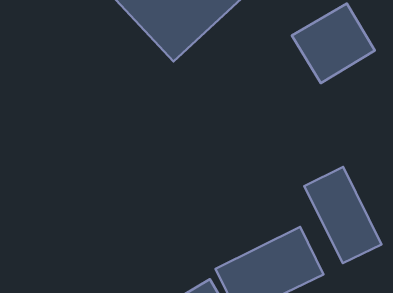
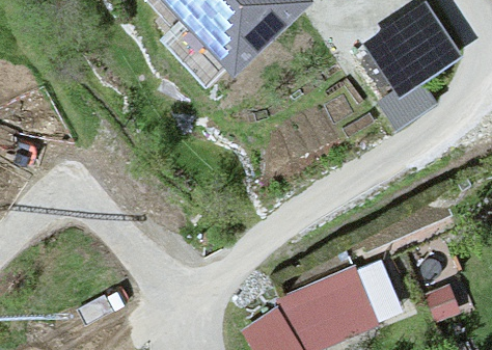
building: [304,167,381,263] -> none

